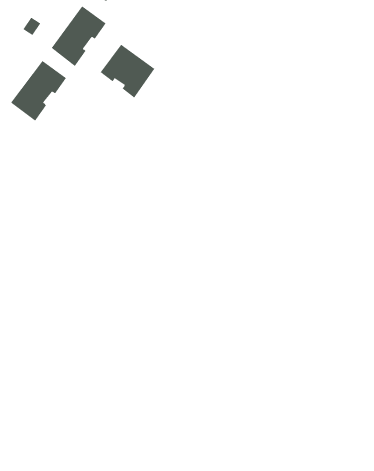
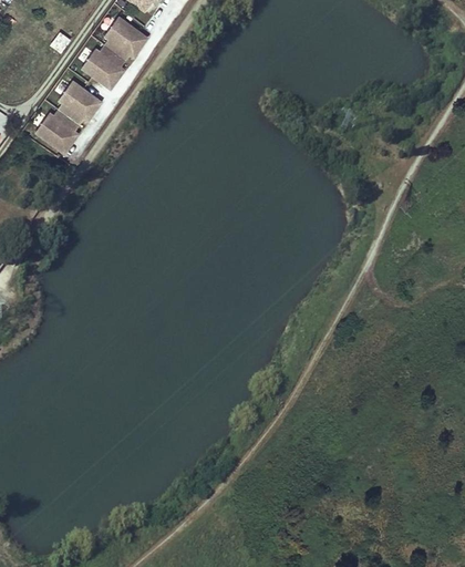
building: [100,44,155,98] -> none

